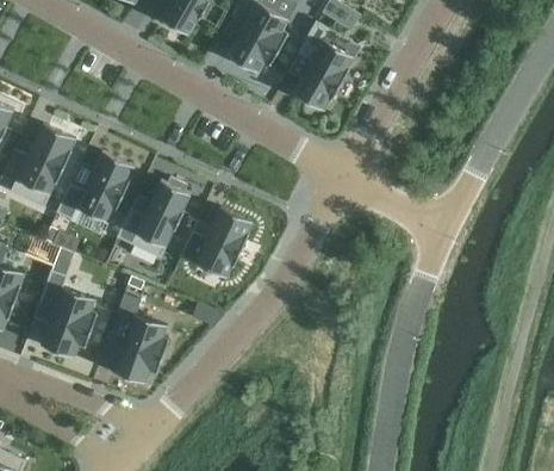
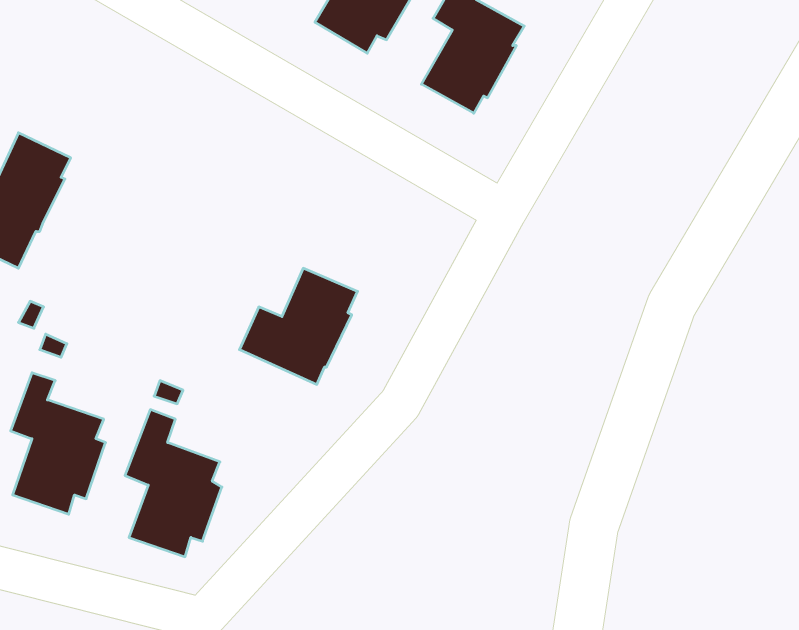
building: [55,151,133,223] -> none
building: [116,178,189,258] -> none

